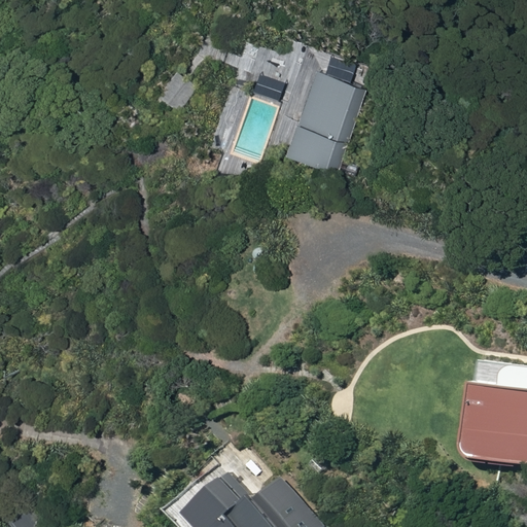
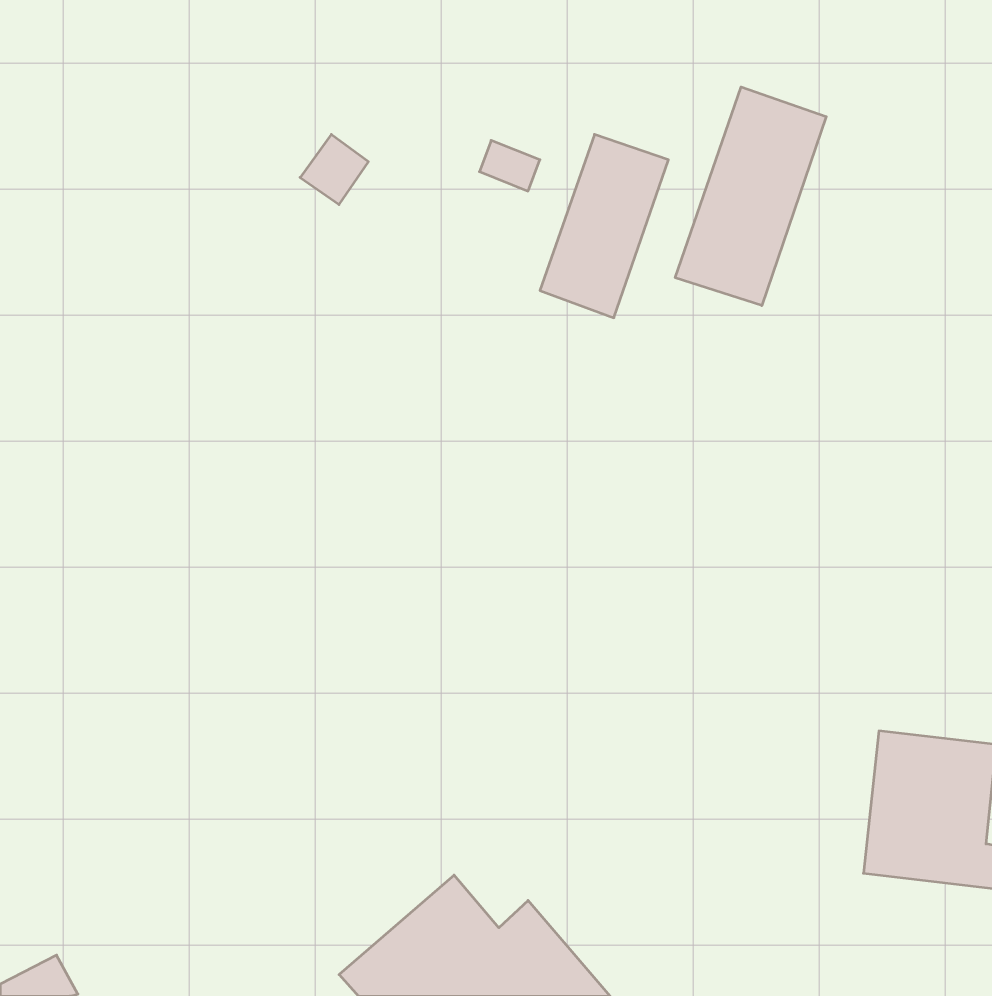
building: none -> [675,87,826,306]

